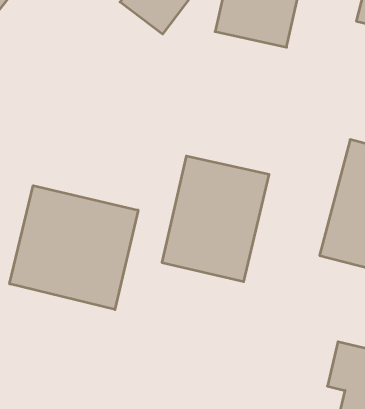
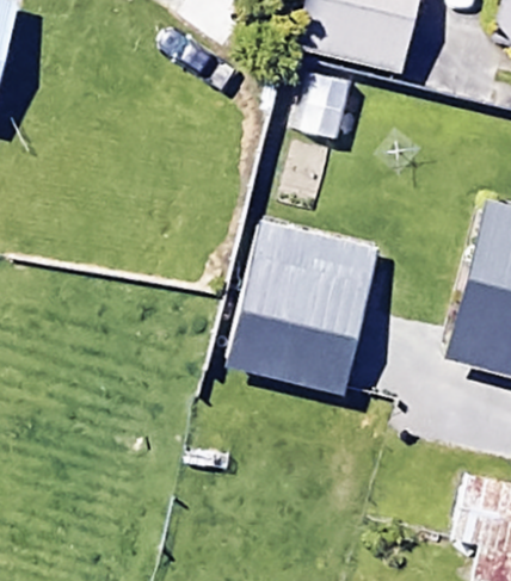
building: [10,186,138,310] -> none

